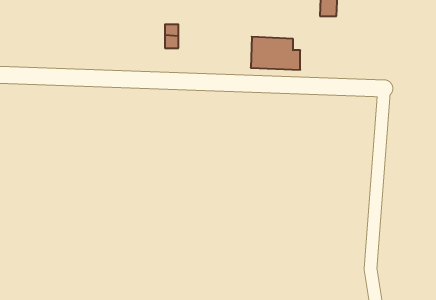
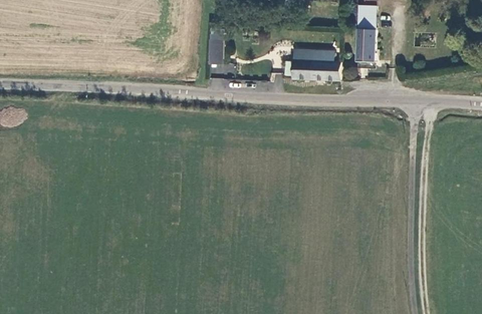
building: none -> [356,26,375,61]

